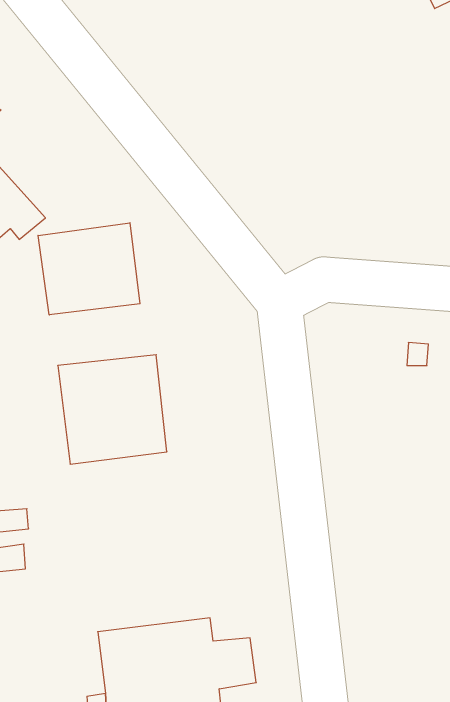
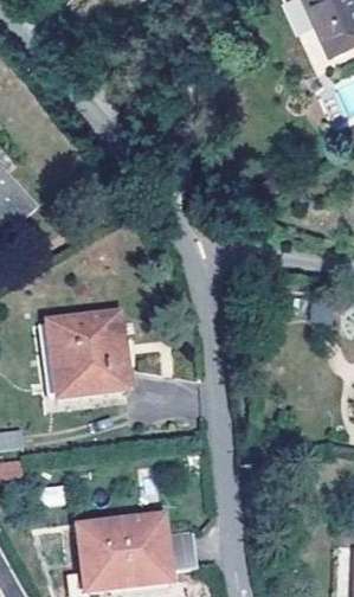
building: [38,223,140,315] -> none

